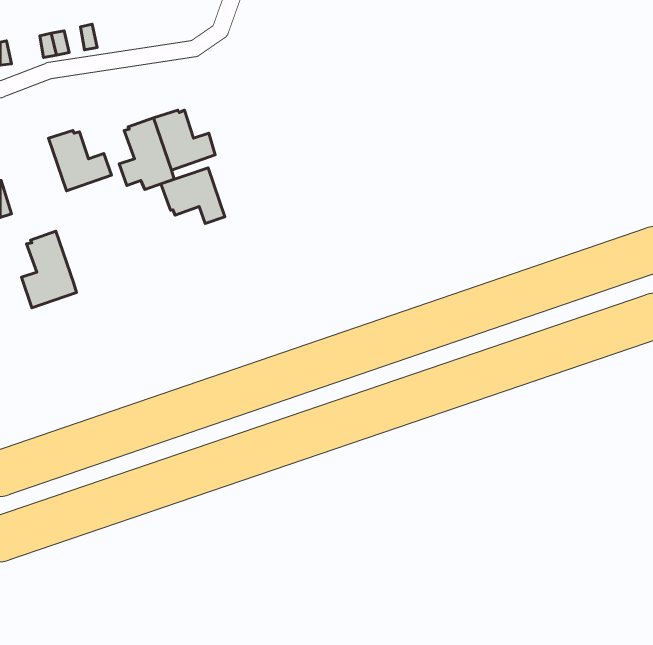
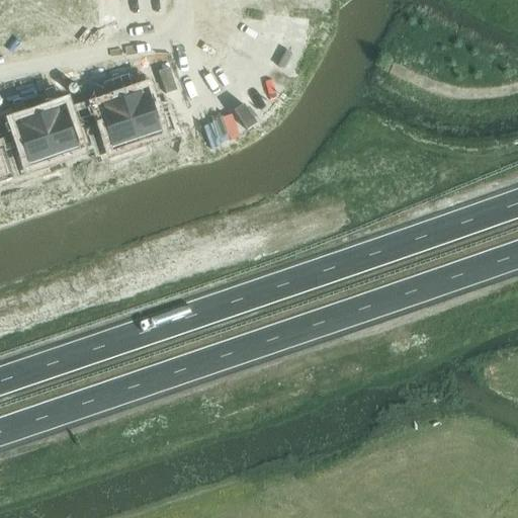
building: [161,168,225,223] -> none
building: [21,231,76,308] -> [12,109,56,170]

